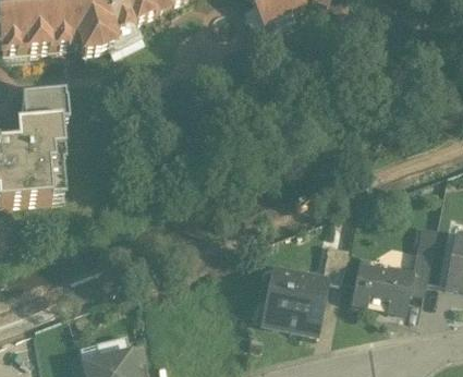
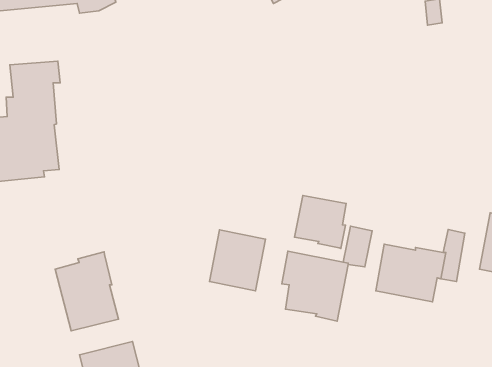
building: none -> [295,196,346,249]
building: none -> [210,230,266,291]
building: none -> [55,252,118,331]

